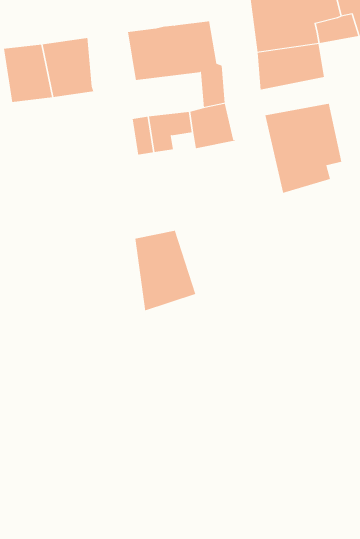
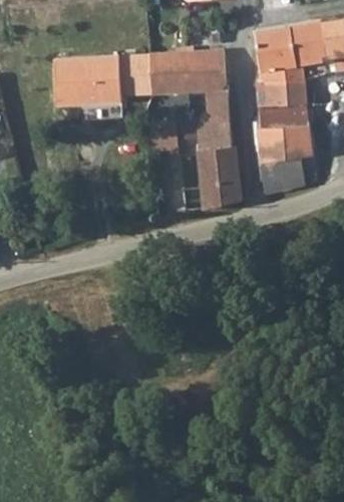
building: none -> [121,53,155,94]
building: none -> [254,102,308,129]
building: [134,230,196,311] -> [199,147,244,209]

